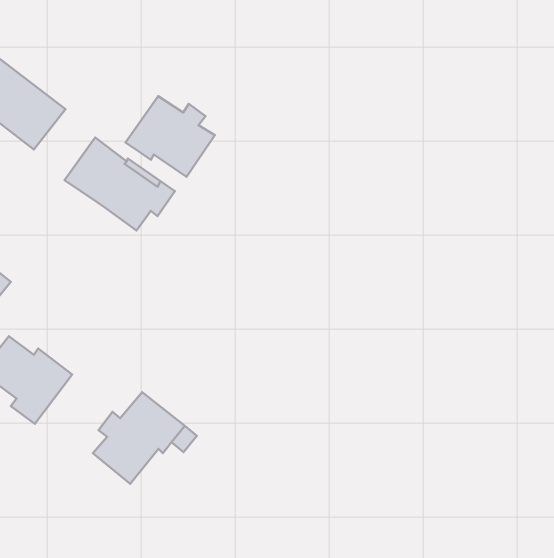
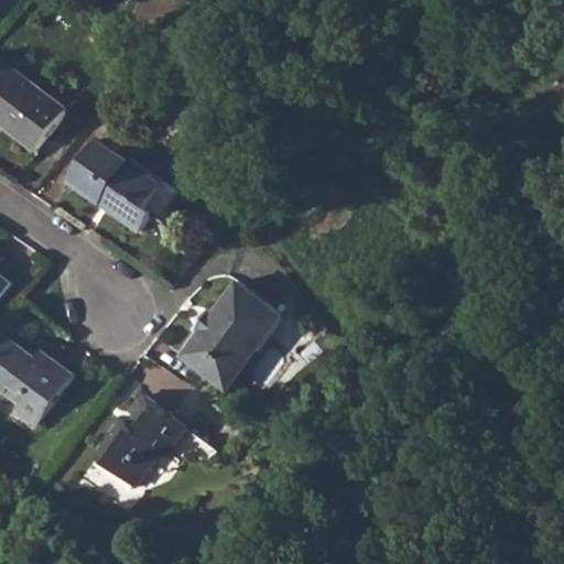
building: [126,96,215,177] -> none
building: none -> [178,282,280,389]

